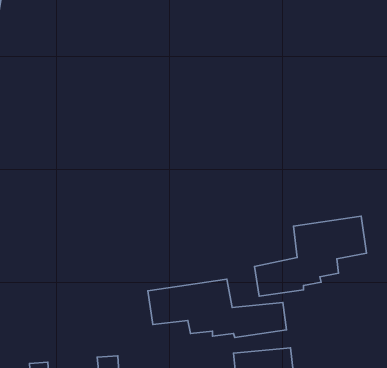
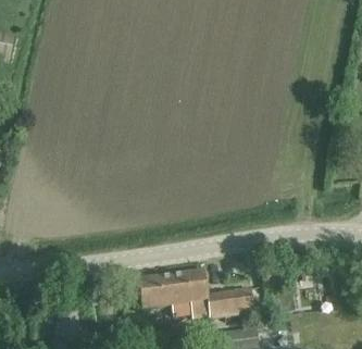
building: [255,216,367,296] -> none

